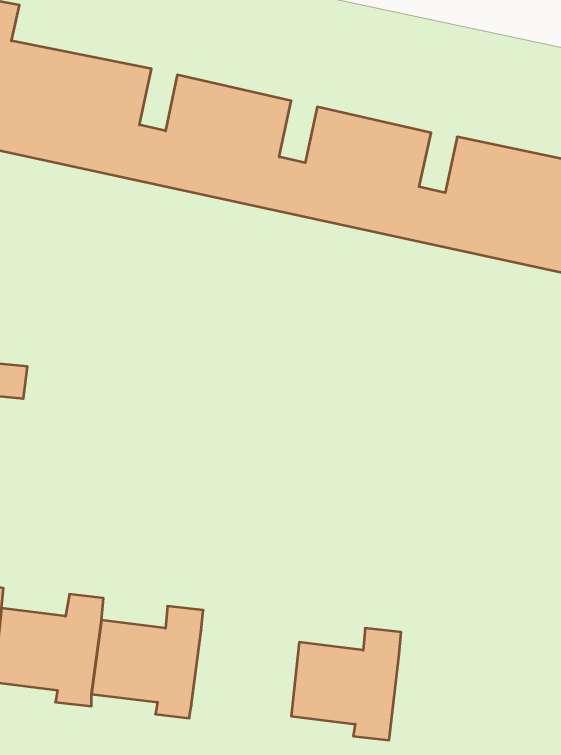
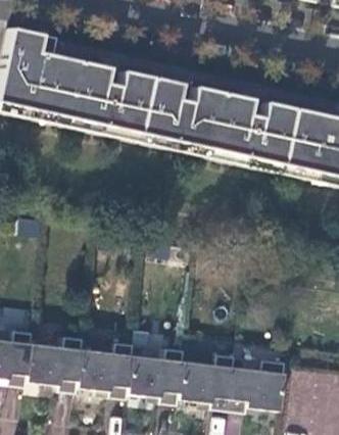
building: none -> [129,346,185,403]
building: none -> [230,358,287,412]

